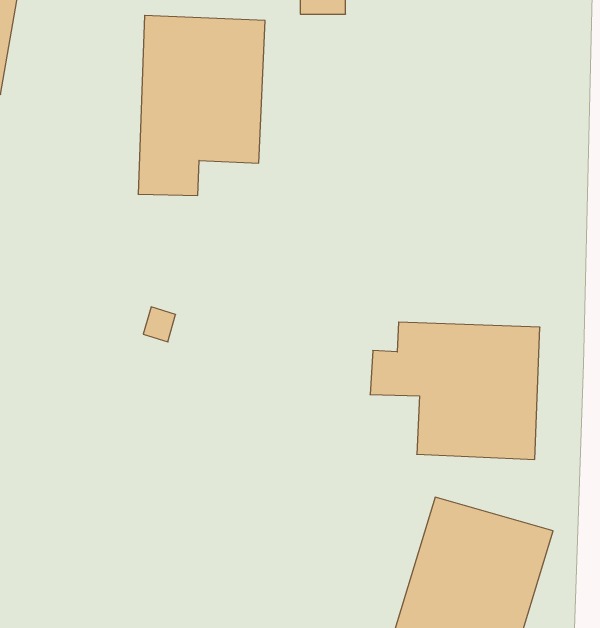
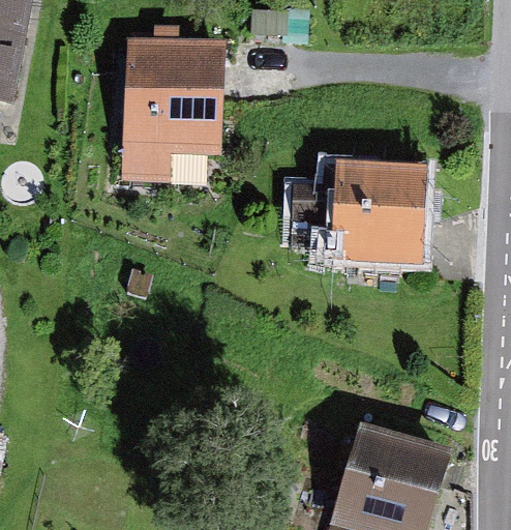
building: [370,322,540,459] -> [292,161,427,271]

